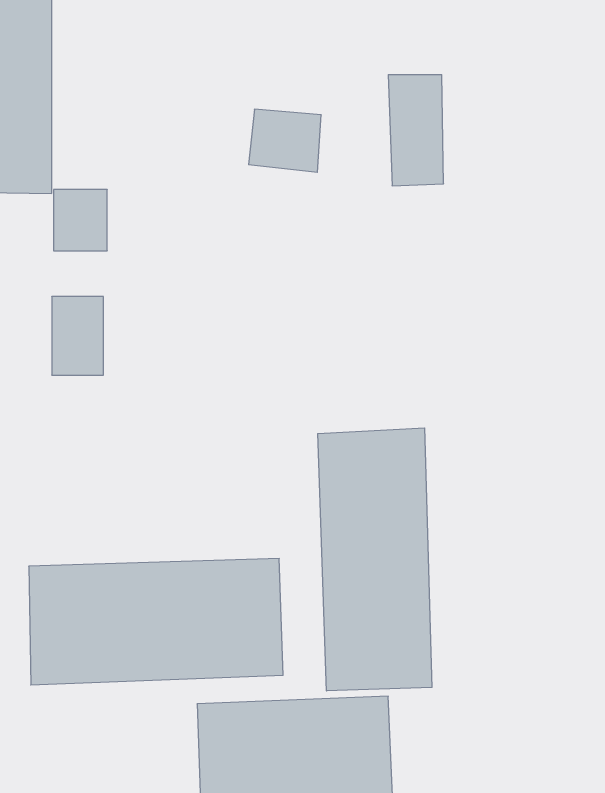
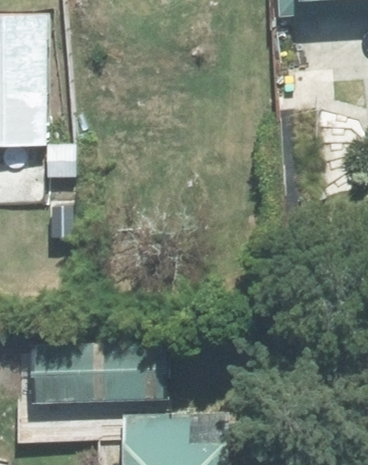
building: [318,428,432,691] -> none

